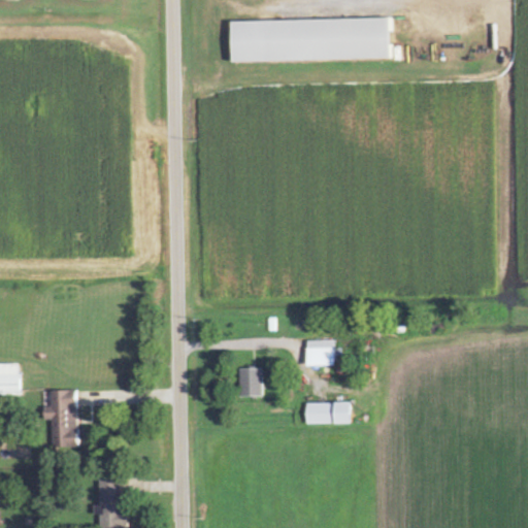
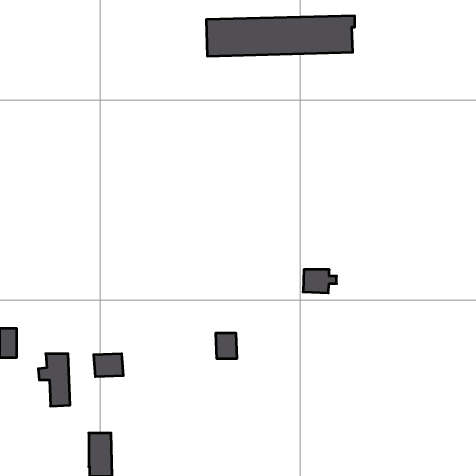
building: [304,340,341,366] -> [303,270,337,293]
building: none -> [94,354,123,377]
building: [304,402,349,424] -> none

